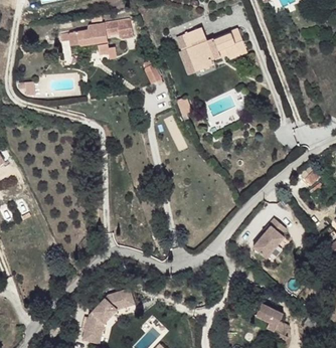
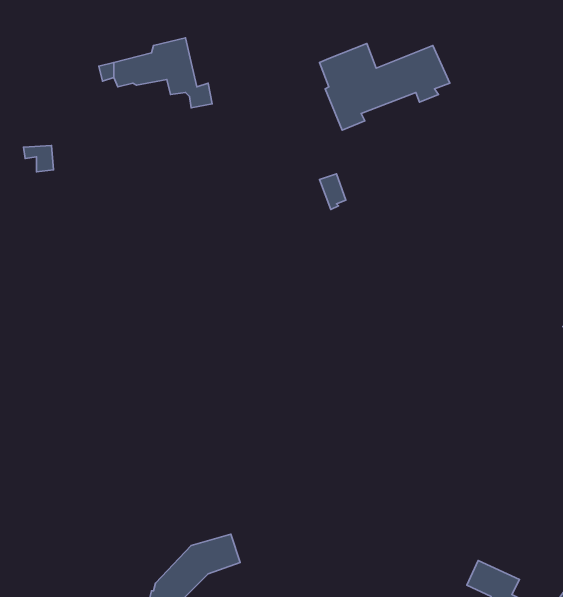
building: [105,17,136,40] -> none
building: [253,218,286,257] -> none

